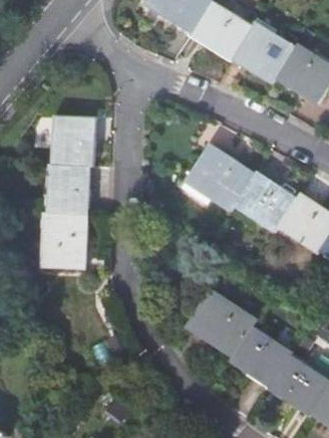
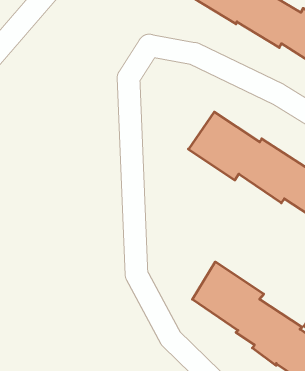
building: [41,117,94,268] -> none

